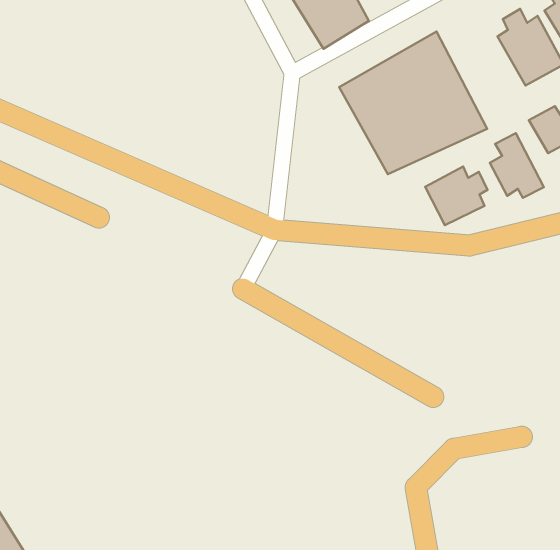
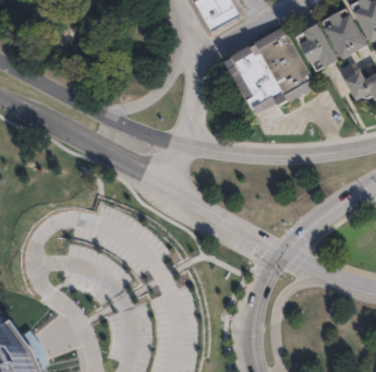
building: [490,133,544,198] -> [300,26,333,67]
building: [425,166,487,225] -> none

